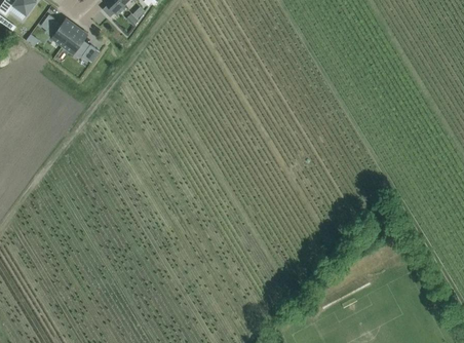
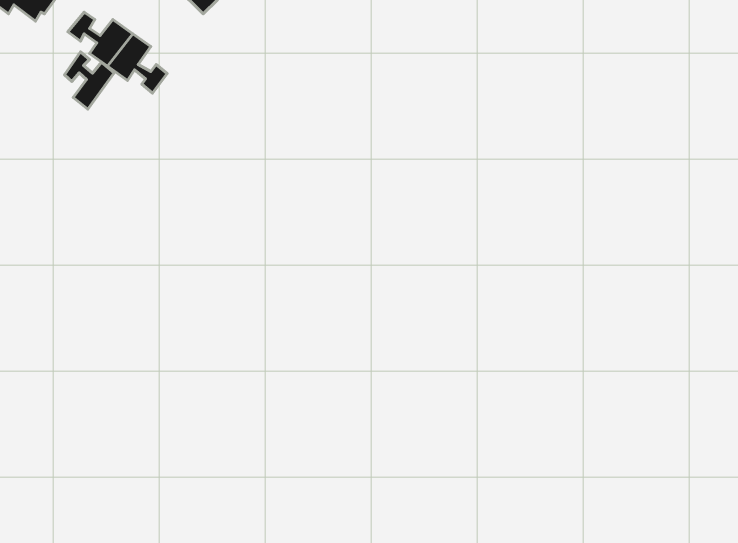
building: none -> [64,52,114,109]

